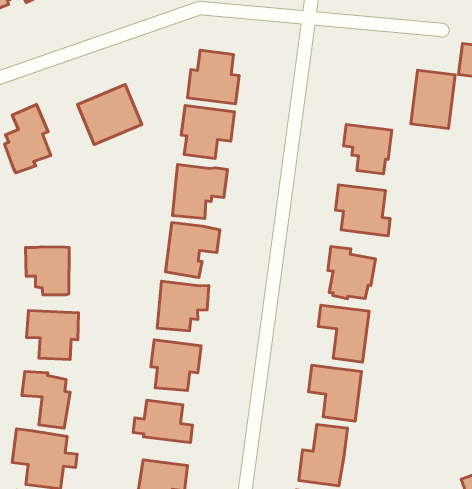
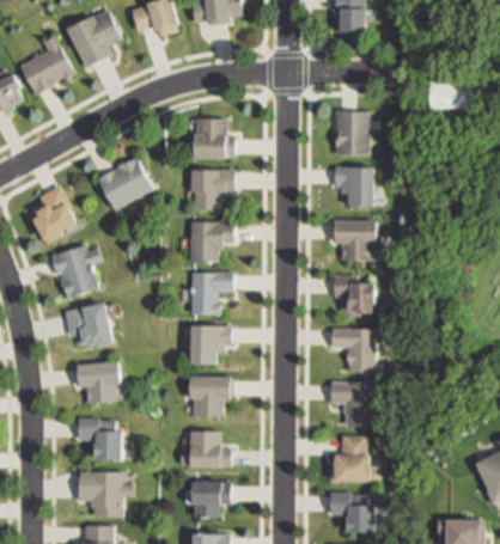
building: [411,70,455,129] -> [335,109,368,157]
building: none -> [49,246,102,297]

